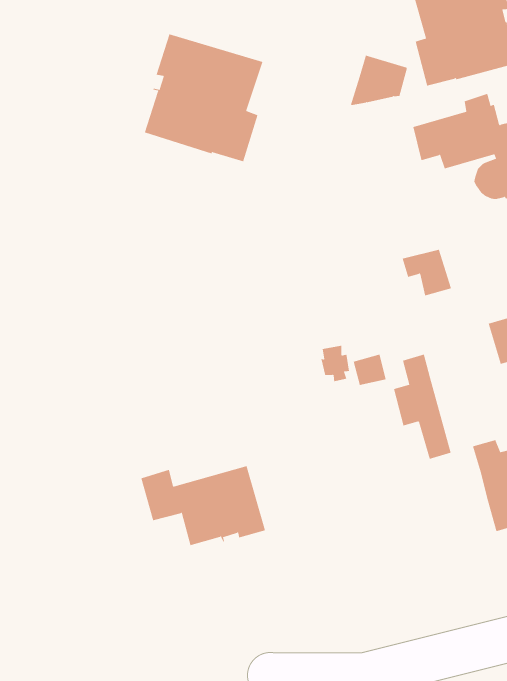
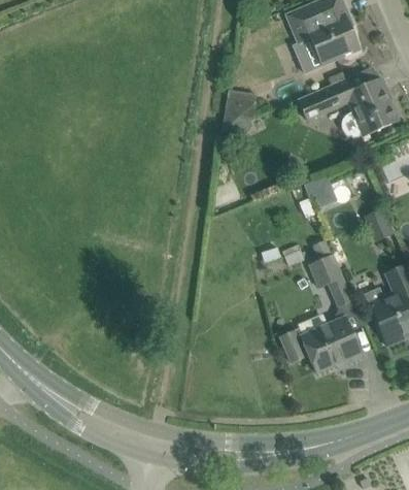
building: [144,33,263,162] -> none
building: [350,55,408,107] -> [223,97,255,131]
building: [140,465,266,546] -> [278,316,362,371]

